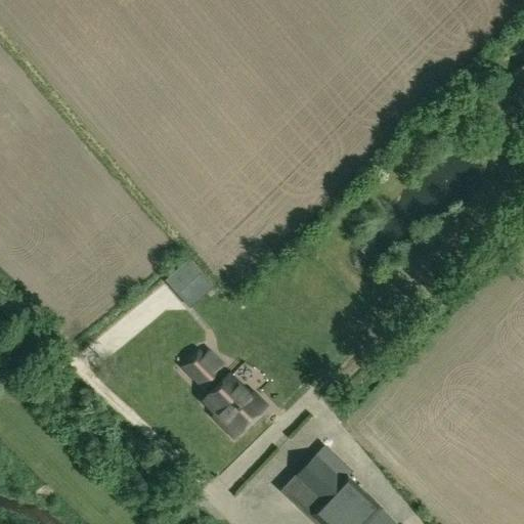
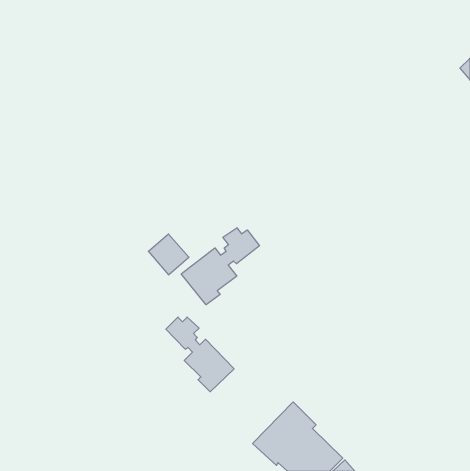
building: none -> [181,228,259,305]

